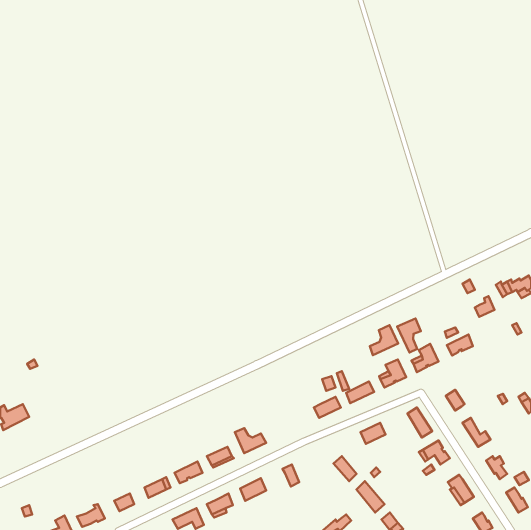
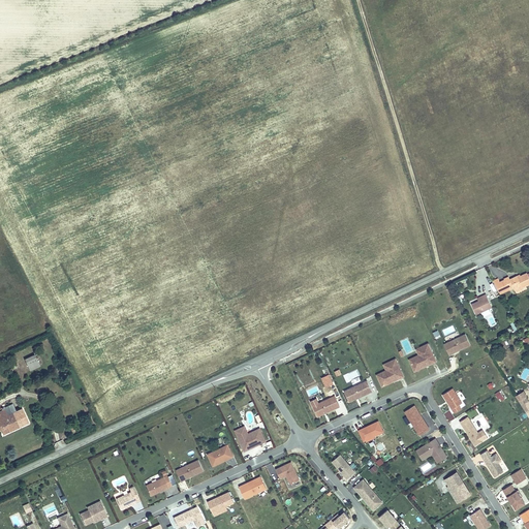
building: [397,319,421,353] -> none
building: [370,325,398,355] -> none

